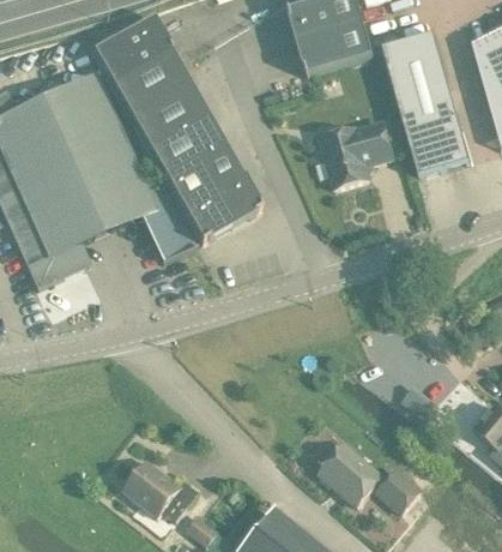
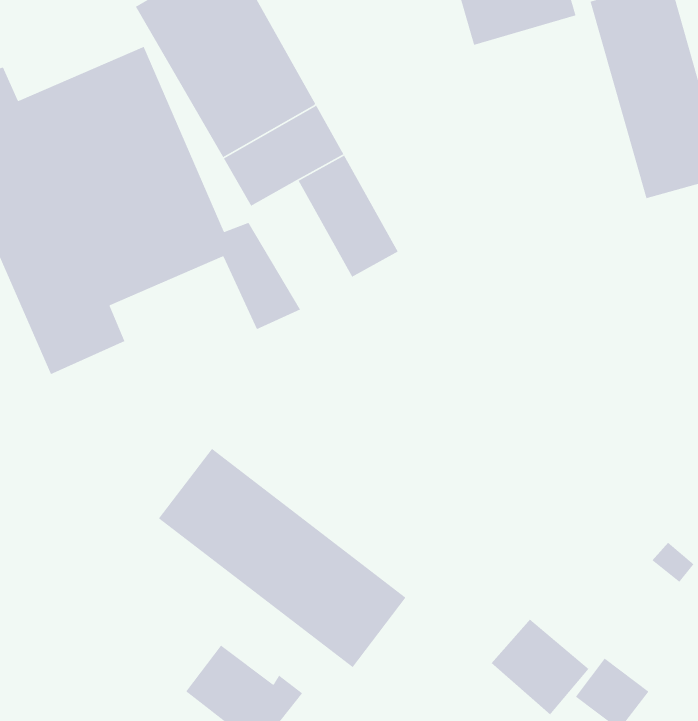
building: [320,121,393,187] -> none
building: [165,162,230,241] -> none
building: none -> [158,448,407,668]

